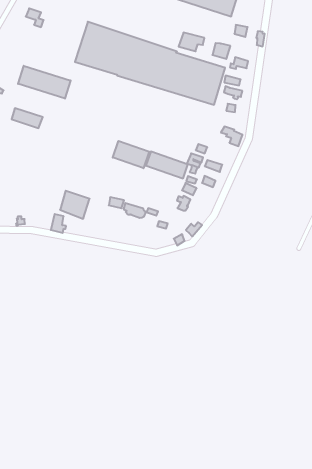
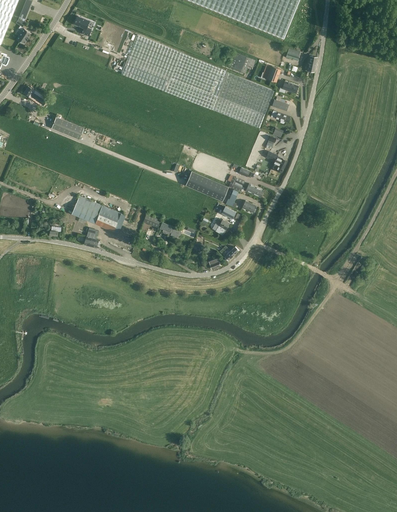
building: [18,66,71,99] -> none
building: [113,141,149,168] -> none
building: none -> [70,194,101,223]

